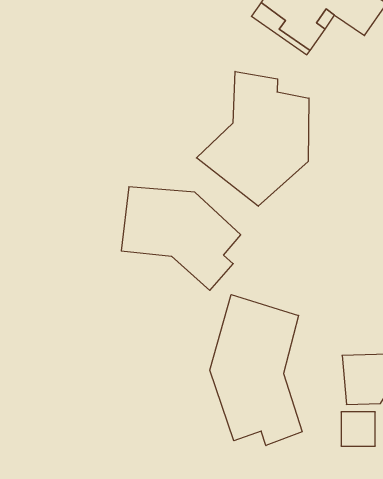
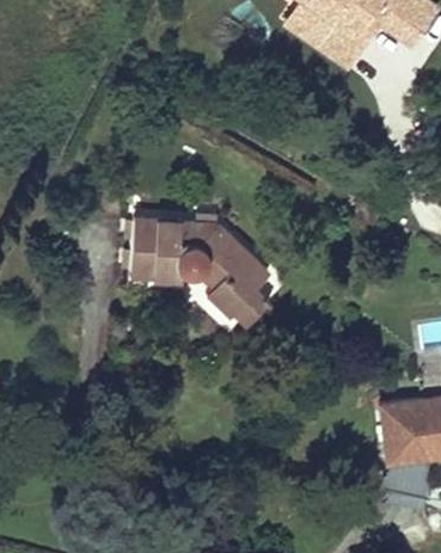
building: [196,71,309,206] -> none
building: [210,295,302,446] -> none

